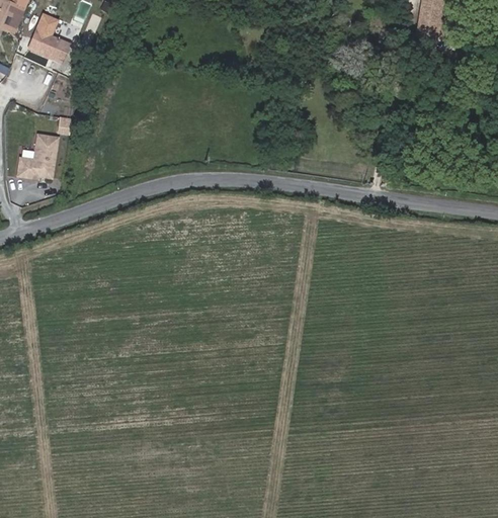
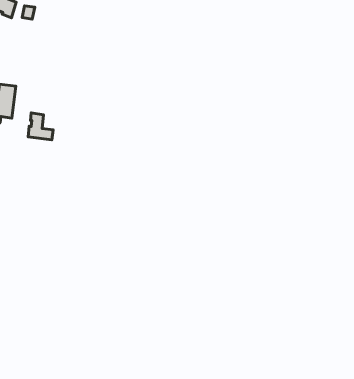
building: none -> [28,113,53,140]

